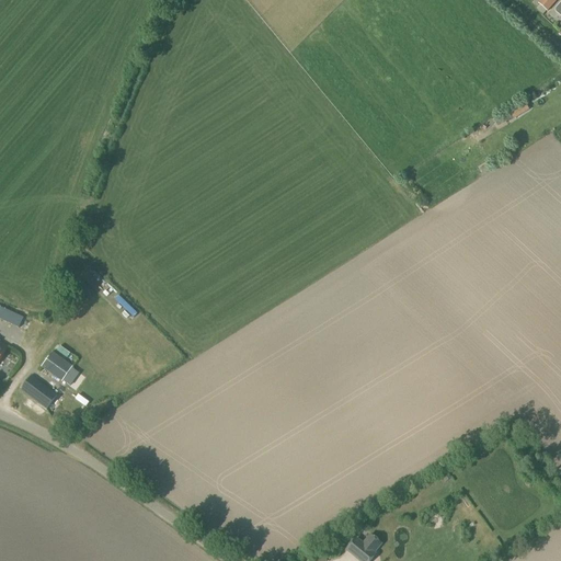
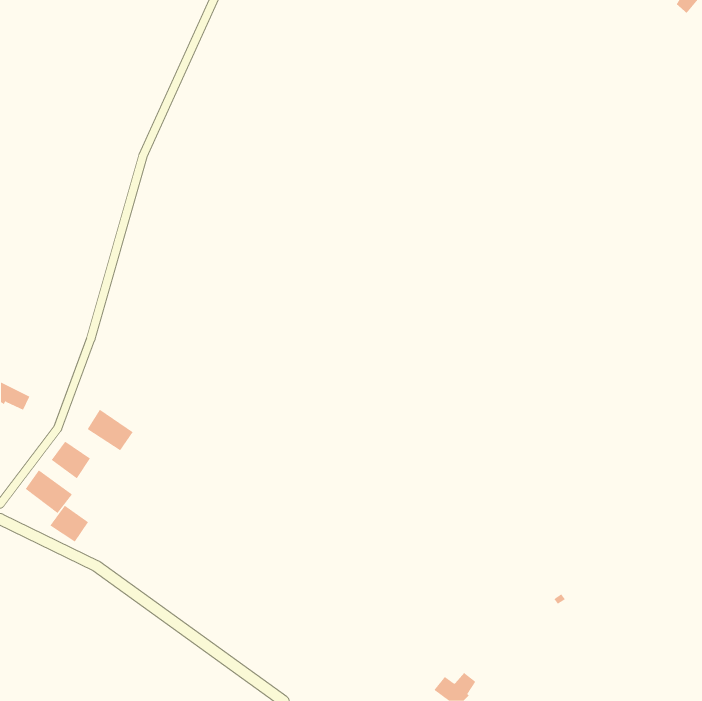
building: none -> [87,409,134,451]
building: none -> [50,505,89,542]

